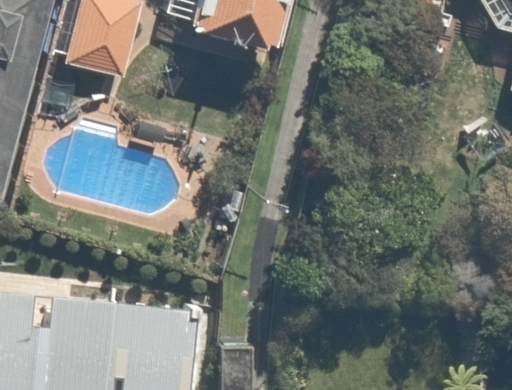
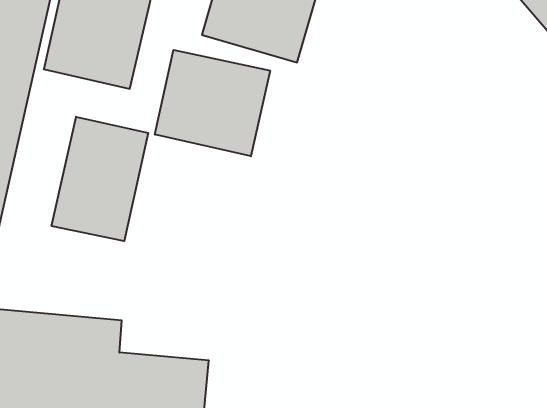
building: none -> [155,50,270,156]
building: none -> [52,117,148,241]

